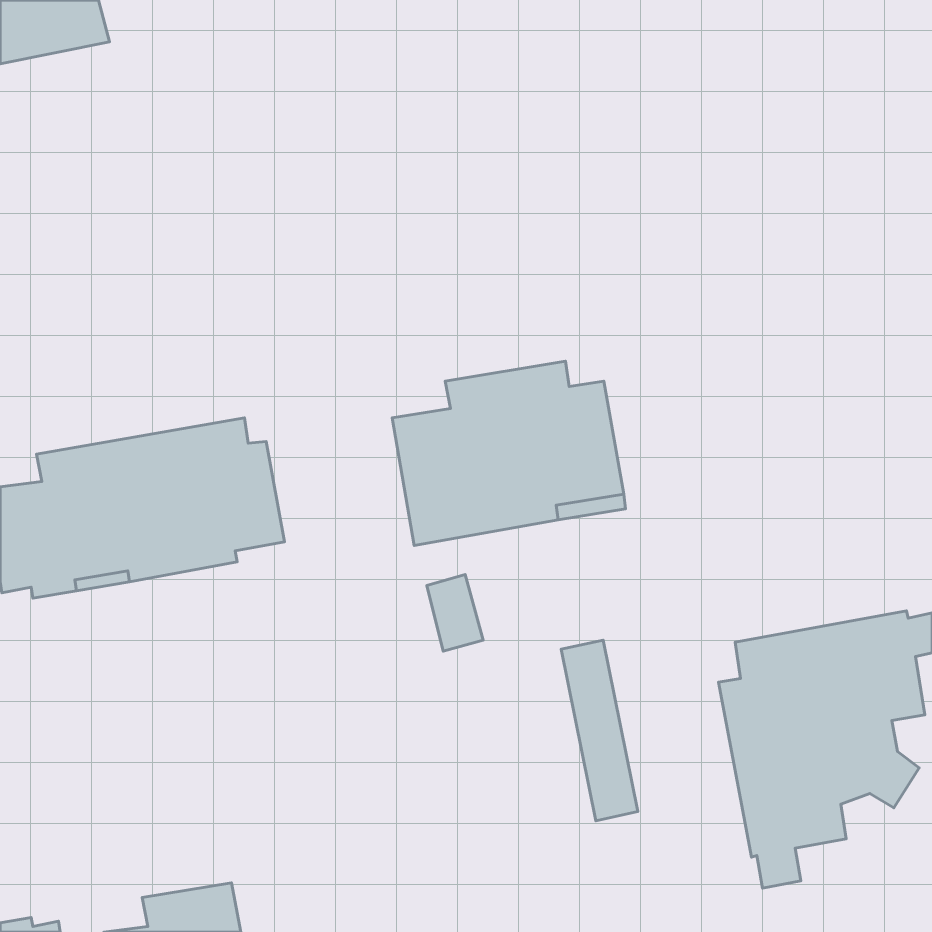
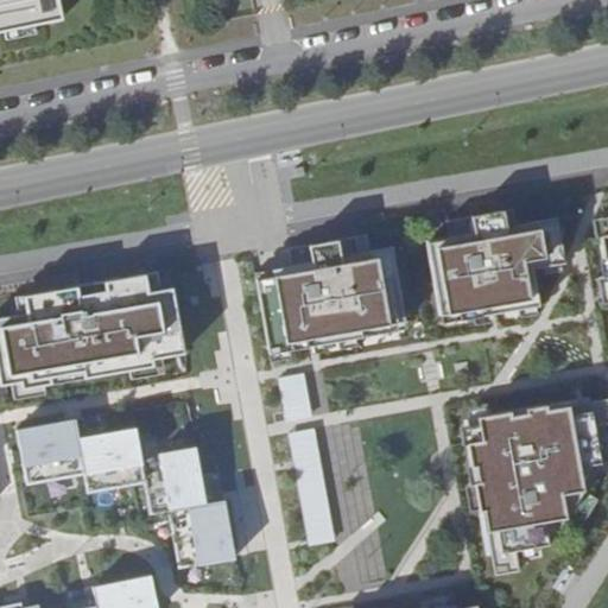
building: none -> [428,209,566,318]
building: [561,640,638,821] -> [287,429,337,546]
building: none -> [18,417,234,569]

